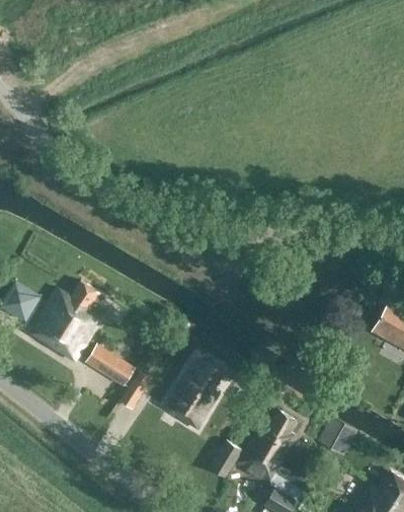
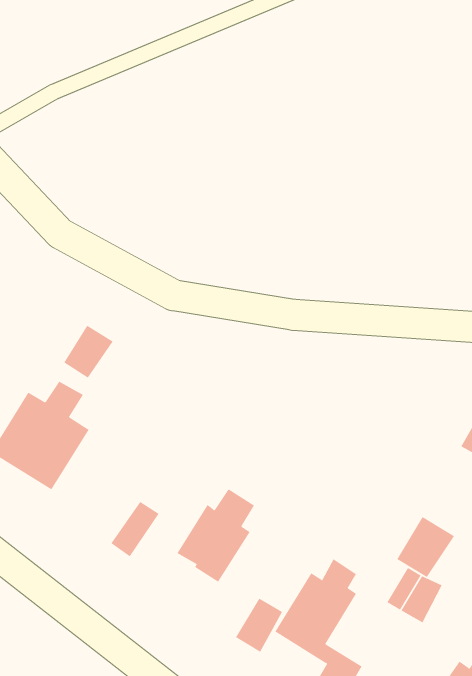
building: none -> [63,325,114,379]
building: [85,343,136,386] -> none
building: none -> [397,516,455,578]

